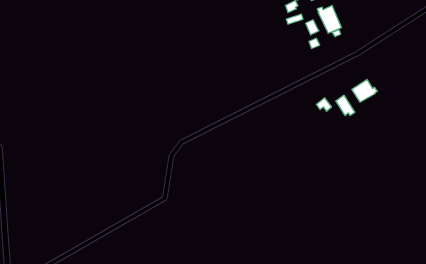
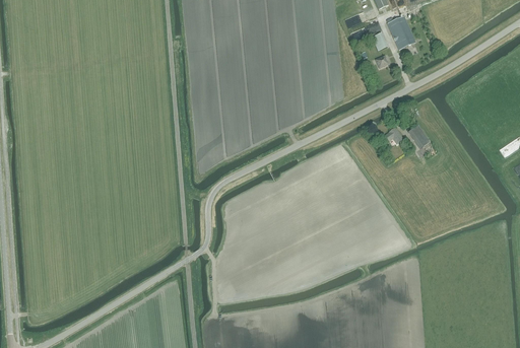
building: [352,80,377,102] -> none

